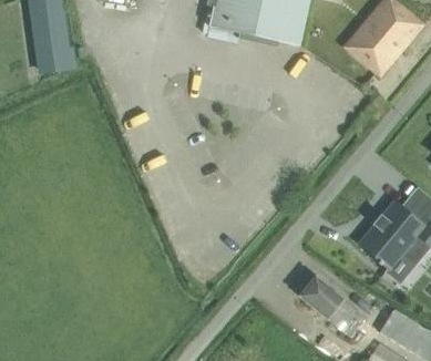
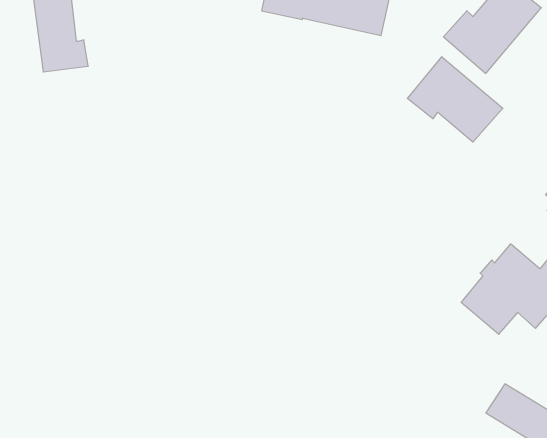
building: none -> [407,57,503,142]
building: [300,275,365,336] -> none

